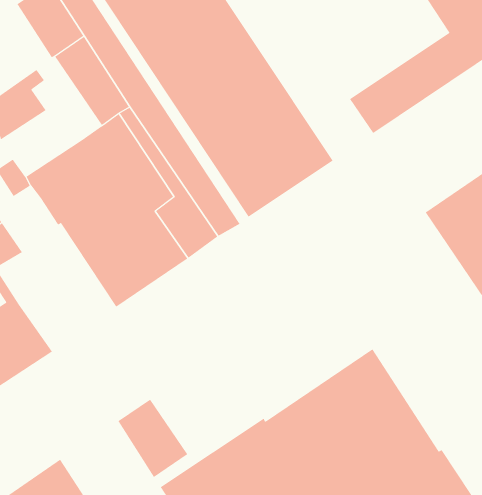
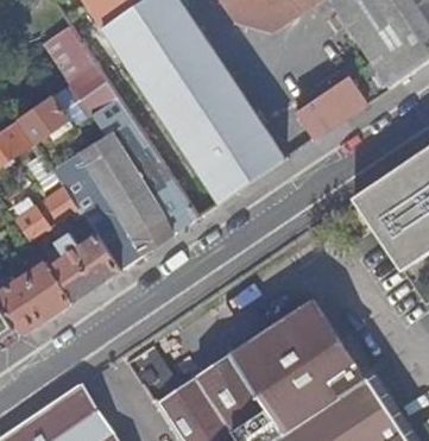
building: none -> [44,188,119,303]

